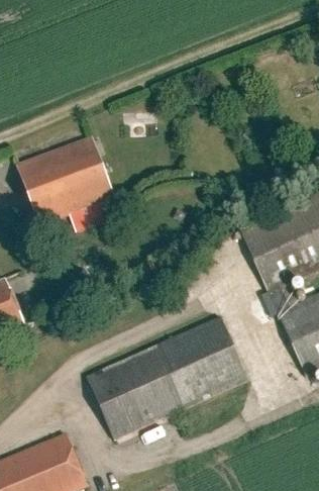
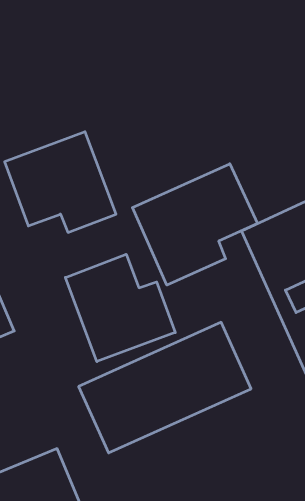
building: none -> [132,164,257,285]
building: none -> [65,254,175,362]

